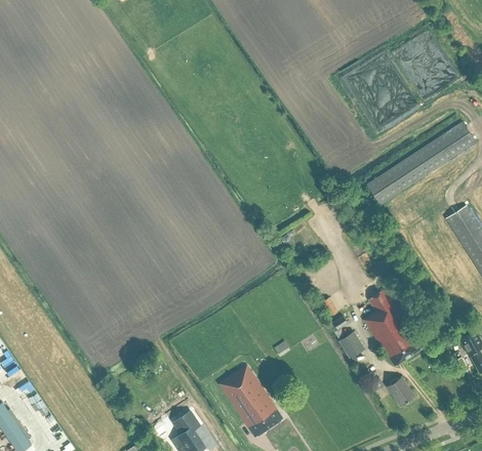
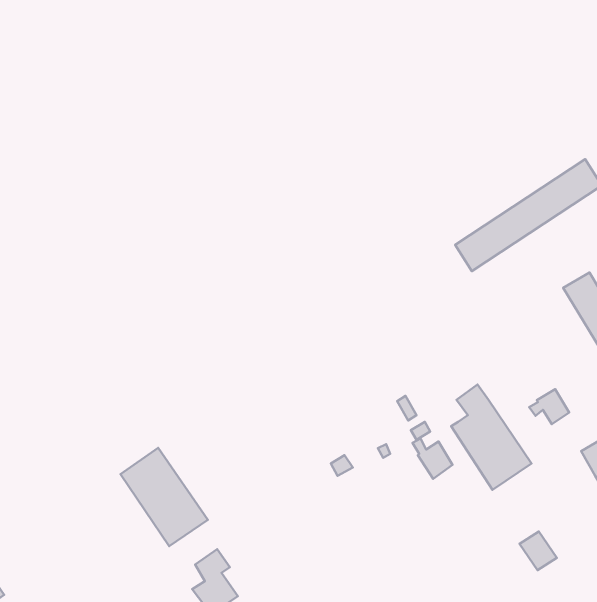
building: none -> [529,389,569,424]
building: [218,365,283,438] -> [121,448,208,546]
building: [387,377,414,406] -> [520,531,557,570]

